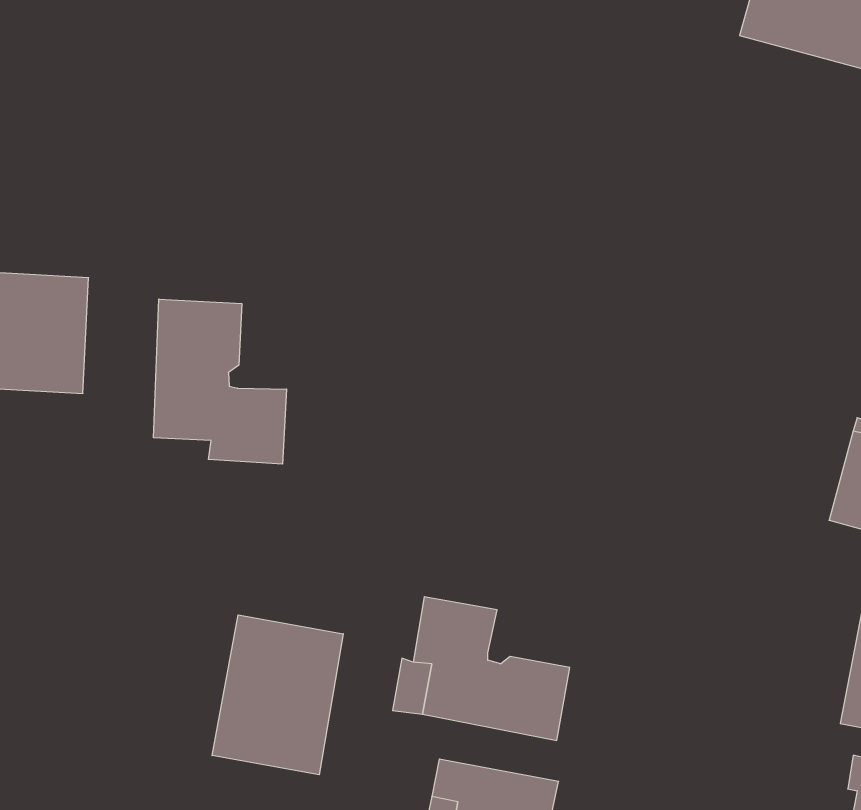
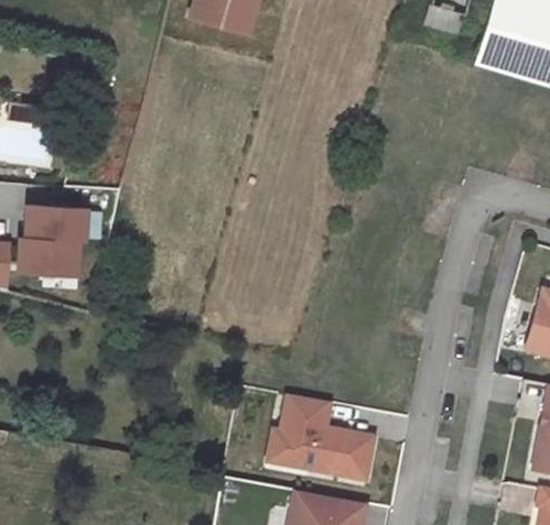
building: [154,299,287,464] -> none
building: [212,615,343,775] -> none

